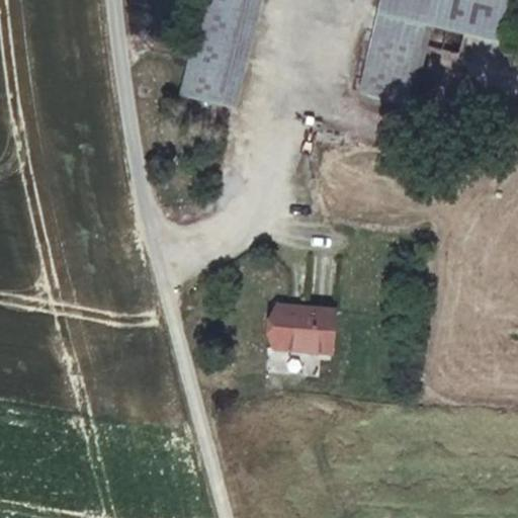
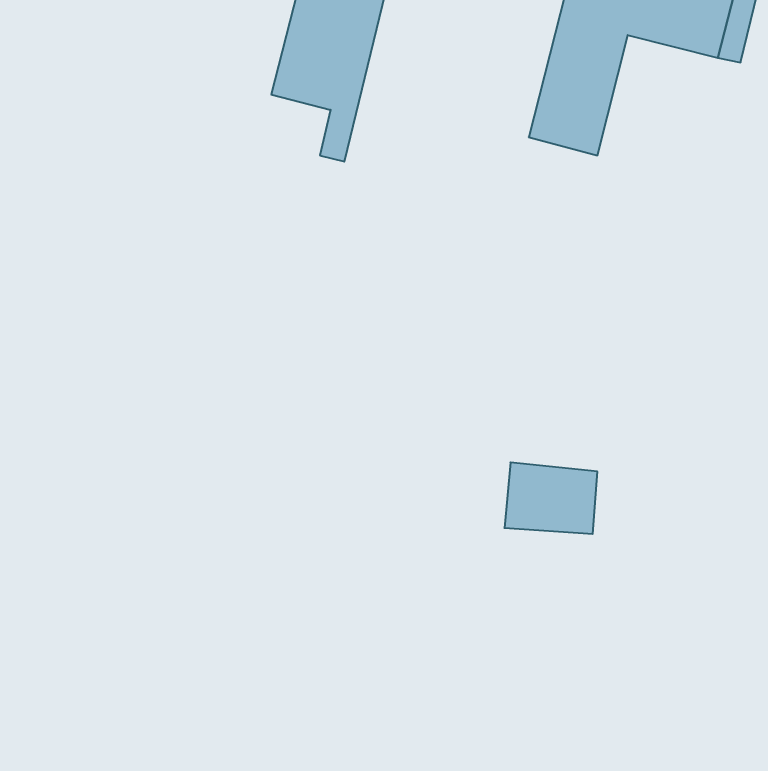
building: [180,63,227,103] -> none
building: [272,304,334,351] -> [504,462,597,534]

